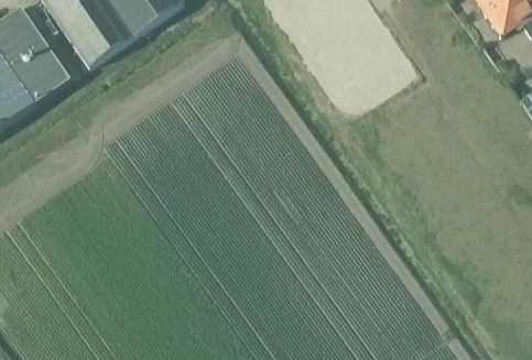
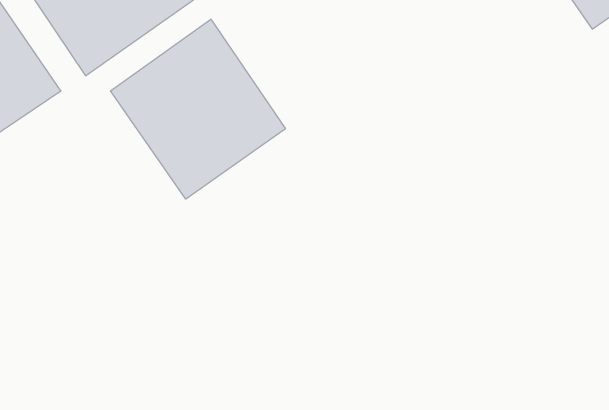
building: none -> [111,19,285,199]

